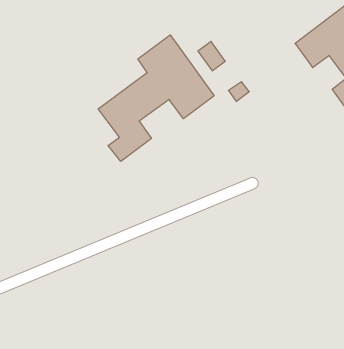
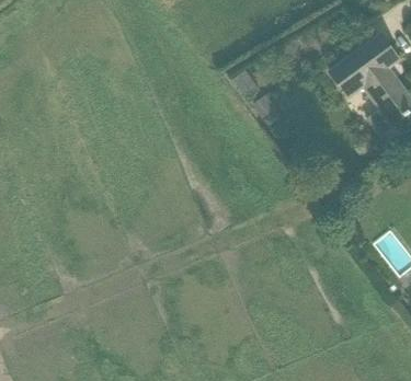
building: [98,35,214,161] -> none

